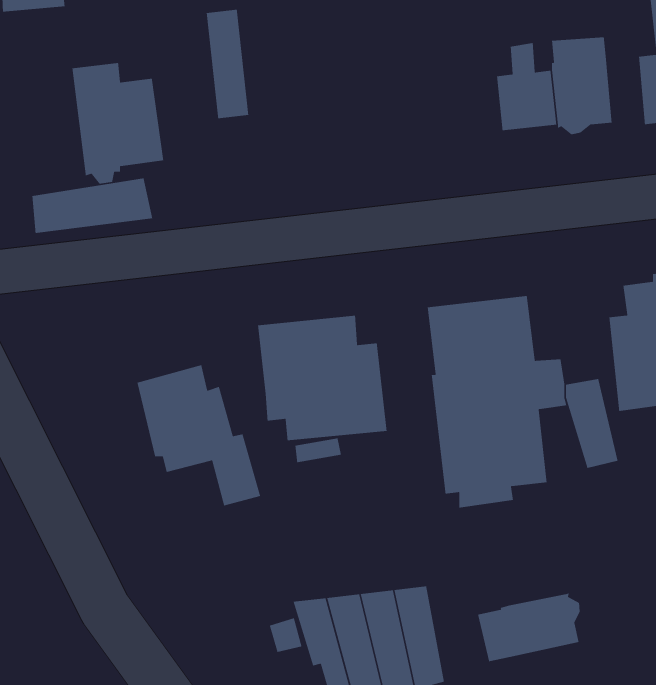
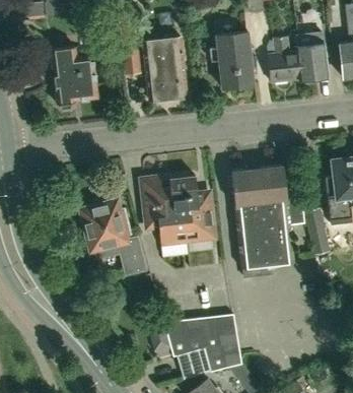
building: none -> [215,31,256,87]
building: none -> [143,37,187,99]
building: [32,177,153,234] -> none
building: [477,592,581,662] -> none

